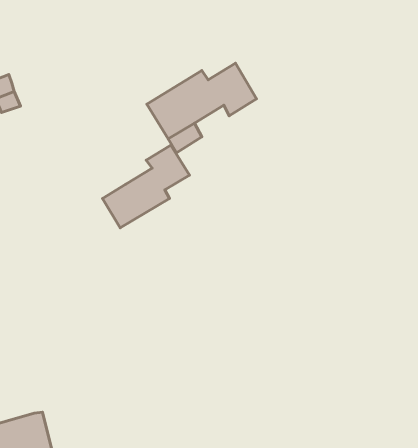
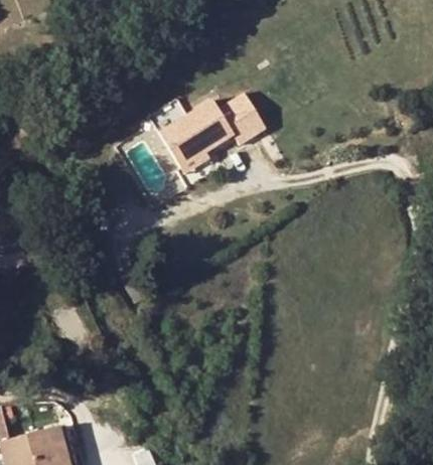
building: [102,145,190,228] -> none

